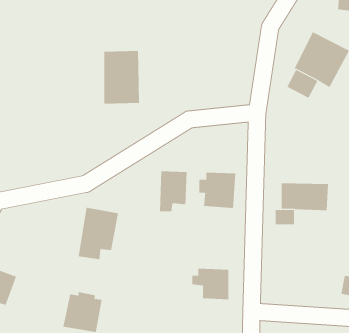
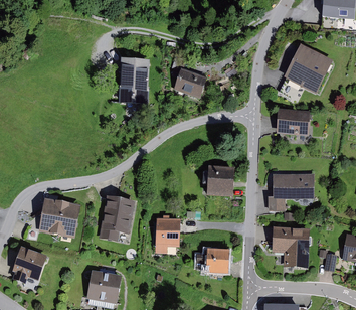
building: none -> [175,71,209,101]
building: none -> [276,109,309,134]
building: [159,171,187,212] -> [155,217,179,253]
building: none -> [38,200,79,239]
building: none -> [272,226,309,267]

